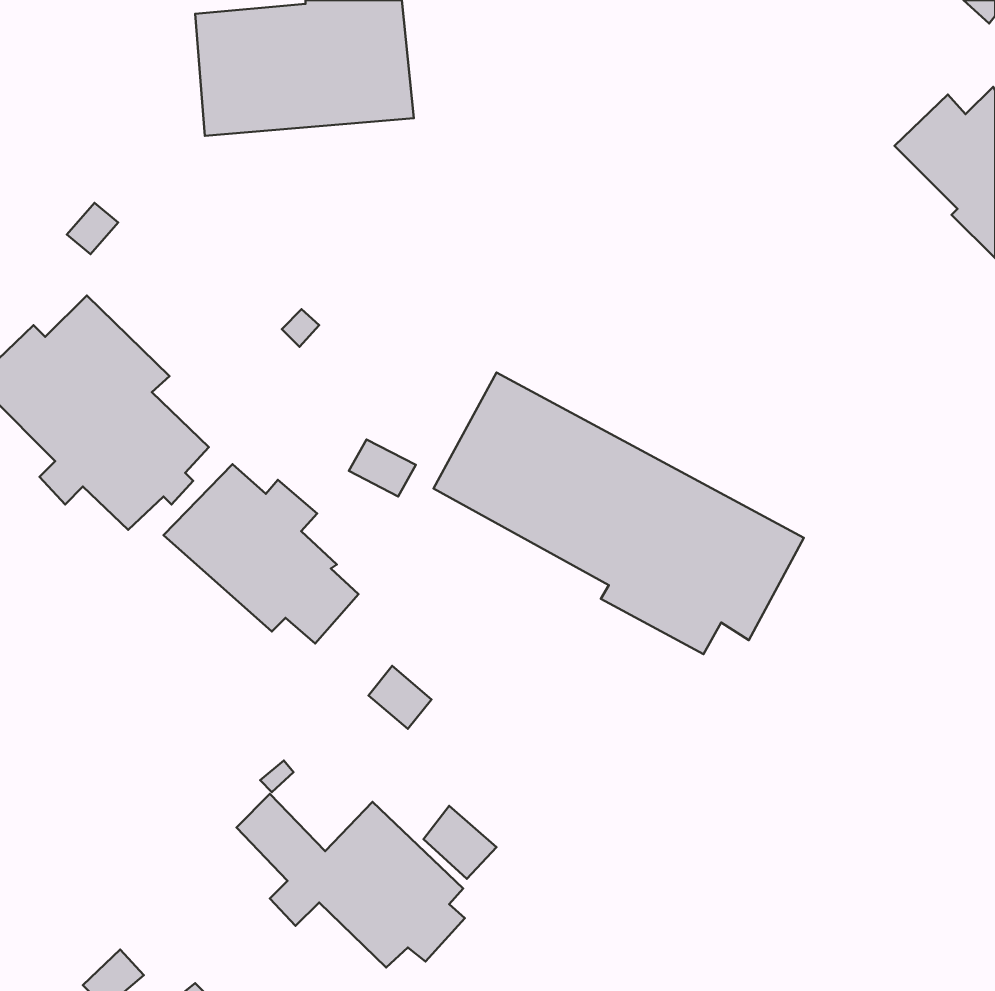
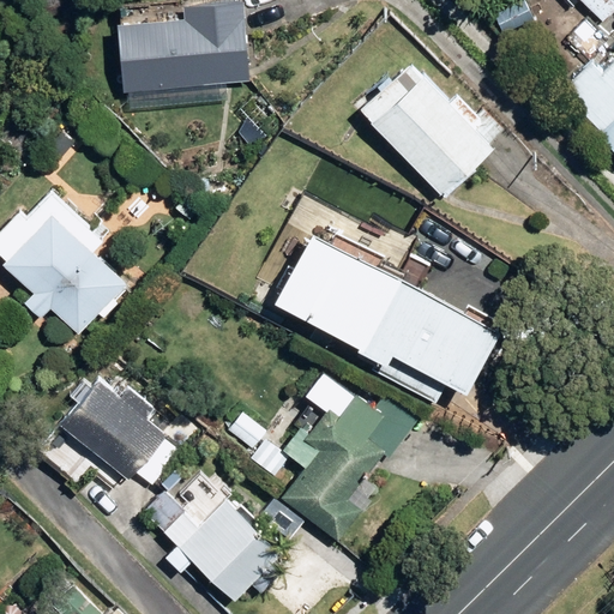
building: none -> [360,55,498,193]
building: [163,464,358,643] -> [60,377,179,486]
building: none -> [281,389,417,541]

